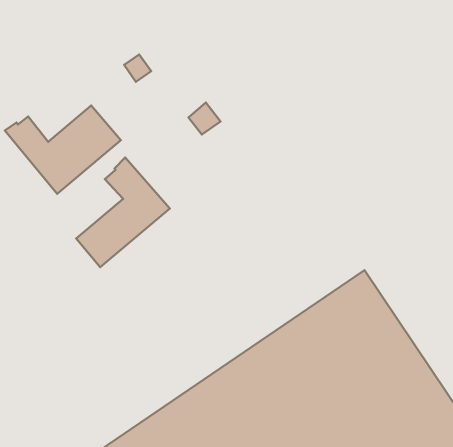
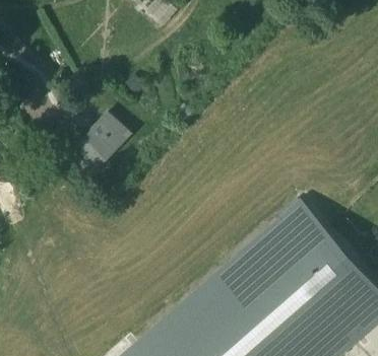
building: [76,158,170,267] -> none

